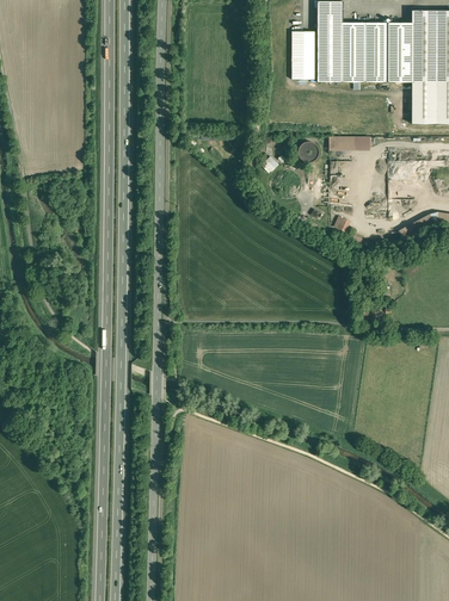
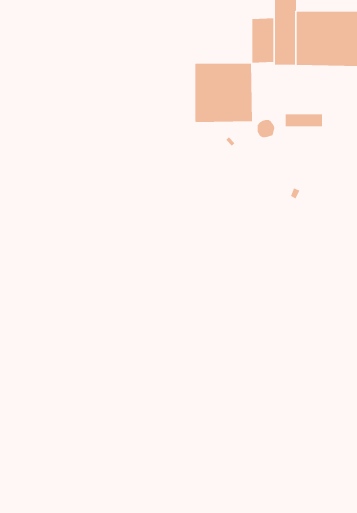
building: none -> [195,63,253,123]

